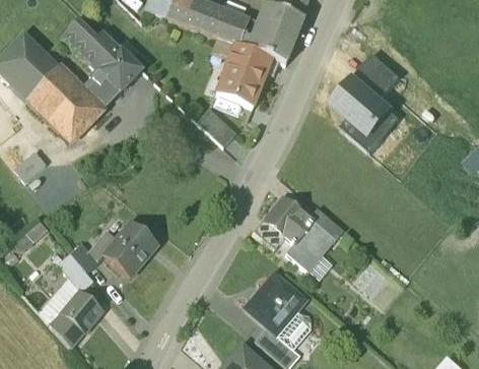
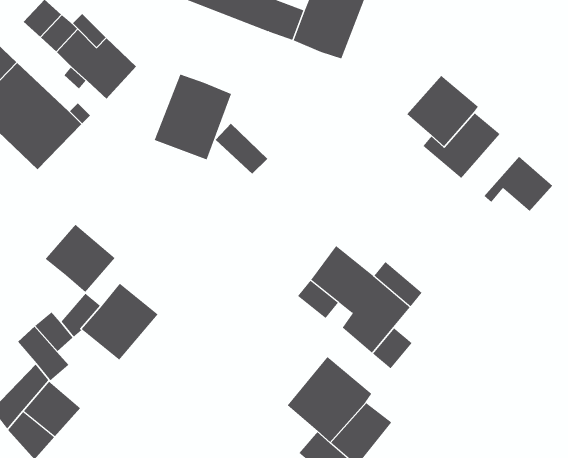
building: [216,44,271,105] -> [154,74,232,160]
building: [356,52,402,97] -> none
building: none -> [484,156,553,212]
building: none -> [45,224,116,293]

